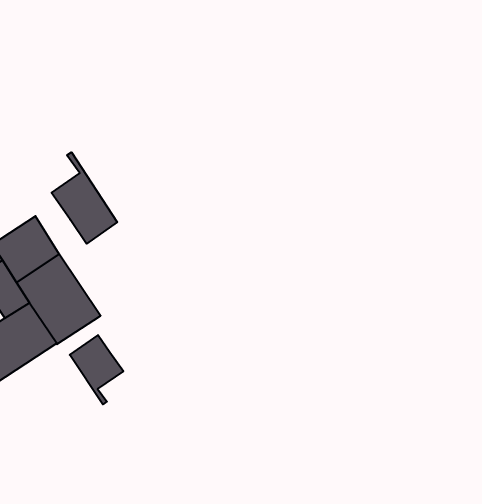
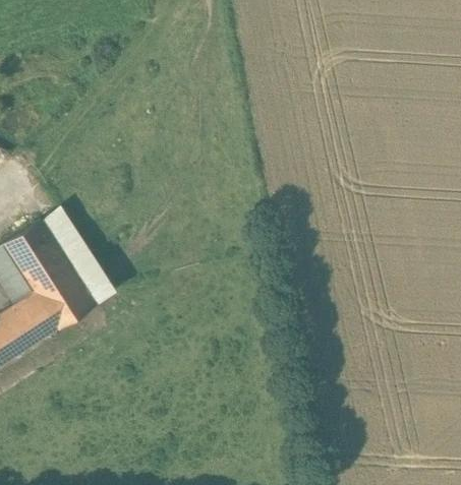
building: [52,152,117,244] -> none
building: [70,335,123,404] -> none

